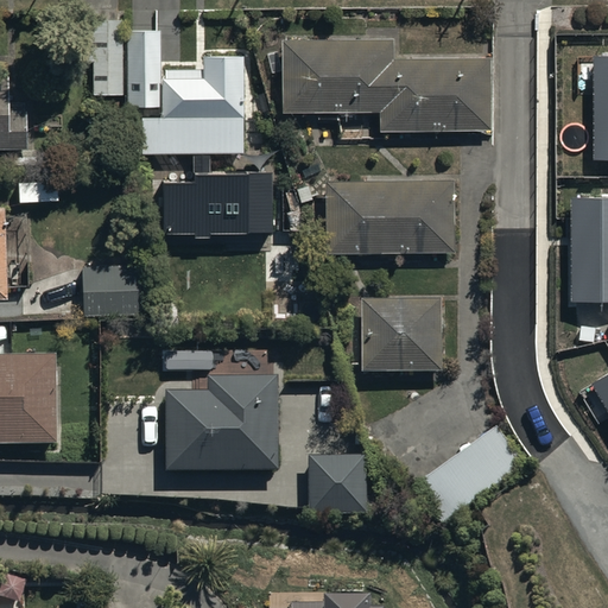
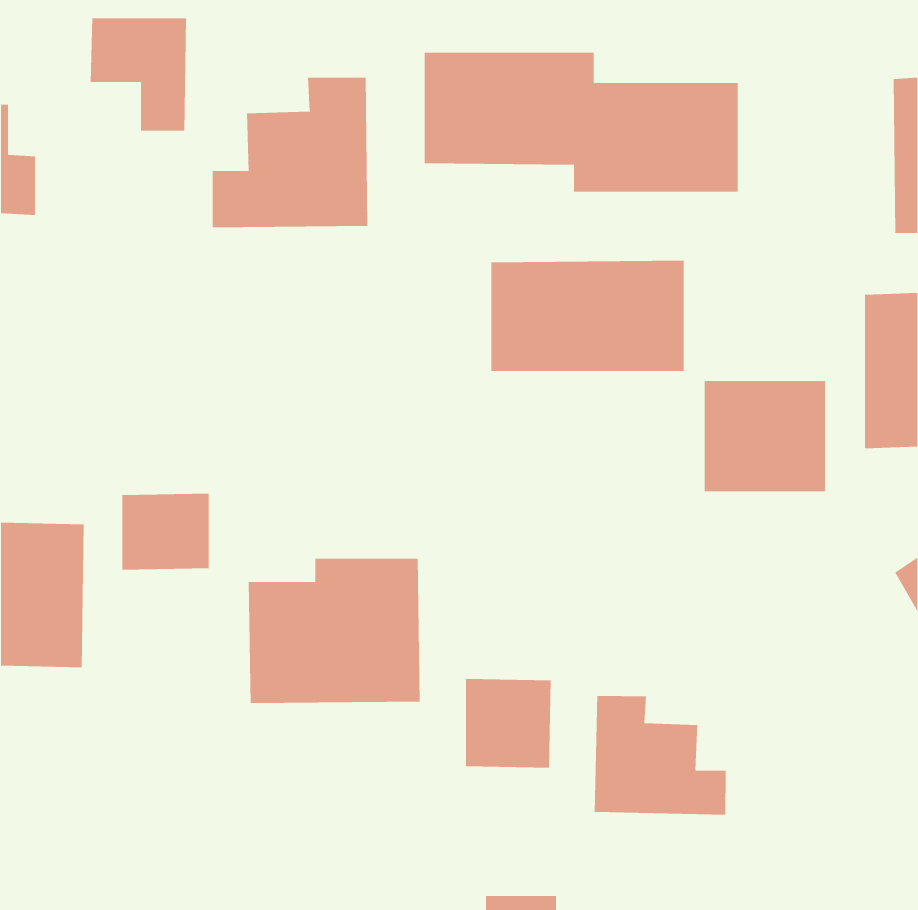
building: [126,32,159,108] -> none
building: [162,178,273,239] -> none
building: [82,262,140,314] -> [121,493,209,570]
building: [362,298,443,372] -> [704,380,826,492]
building: none -> [594,695,726,815]

